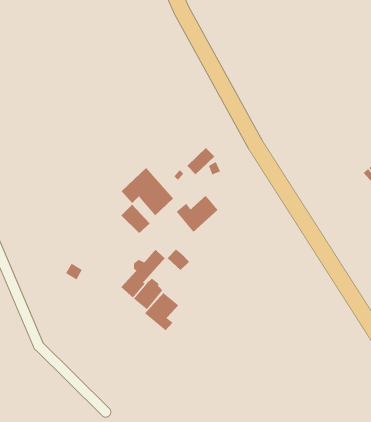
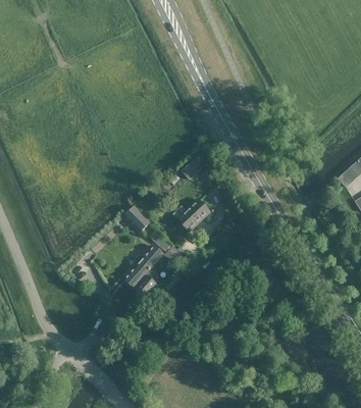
building: [121,167,174,216] -> none
building: [144,292,179,331] -> none

